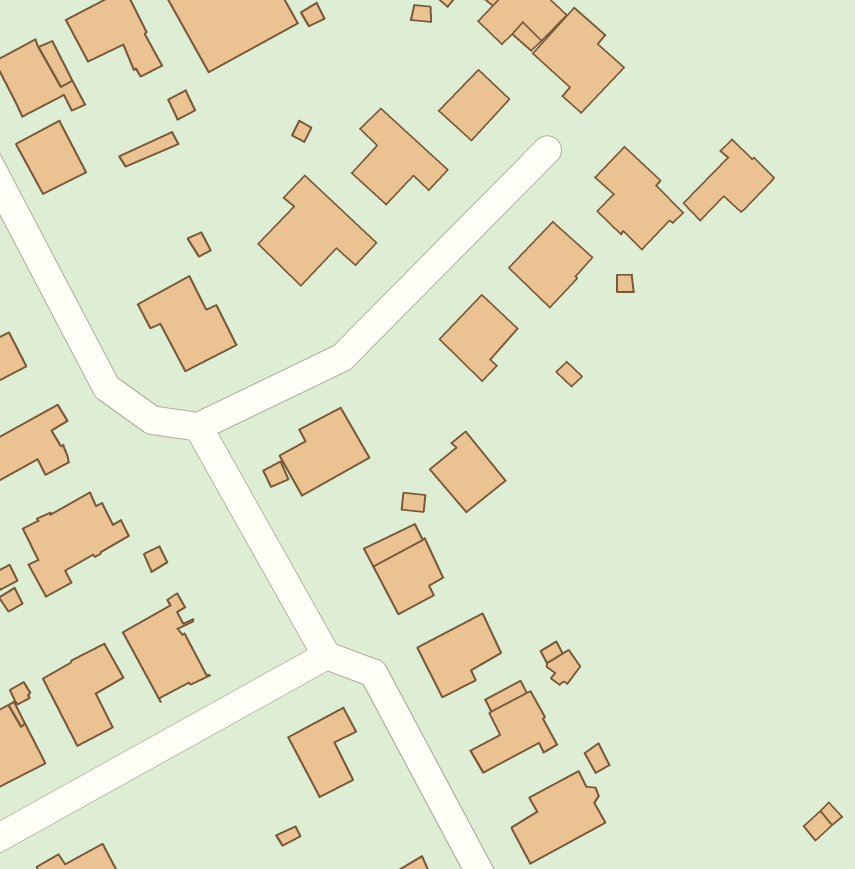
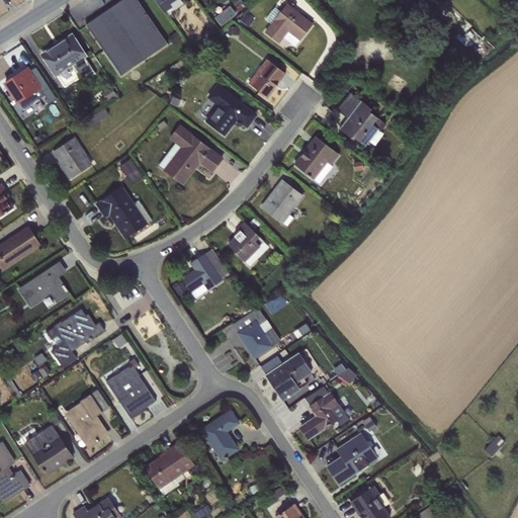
building: [533,8,624,113] -> none
building: [16,121,86,194] -> [53,138,92,178]
building: [684,139,774,221] -> none
building: [430,432,506,512] -> [228,223,269,266]
building: none -> [145,442,194,495]

